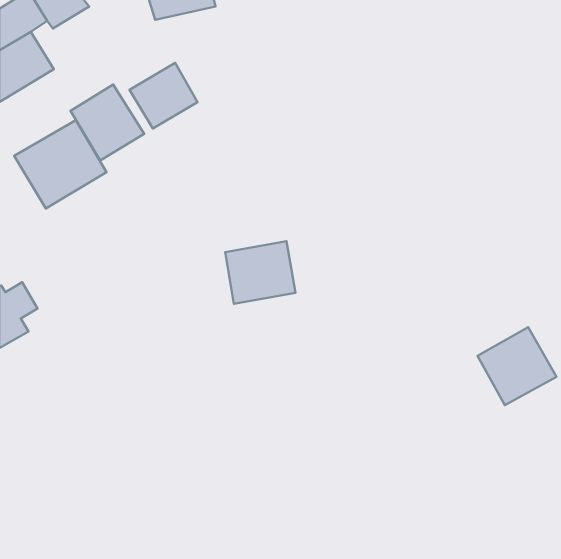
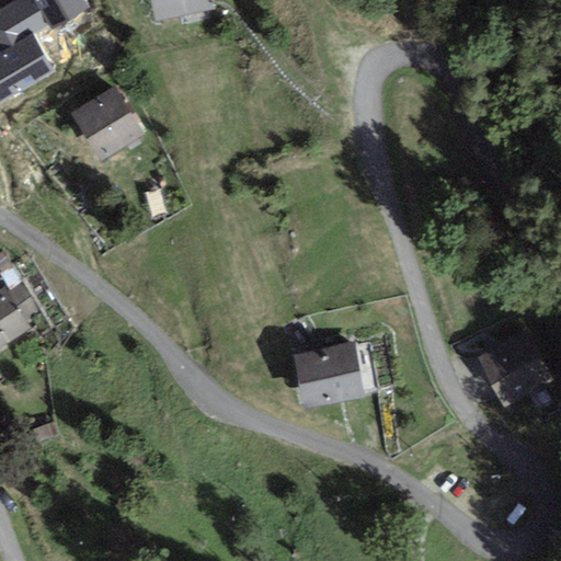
building: [130,63,198,129] -> none
building: [14,120,107,208] -> none
building: [225,241,295,304] -> [294,342,364,404]

